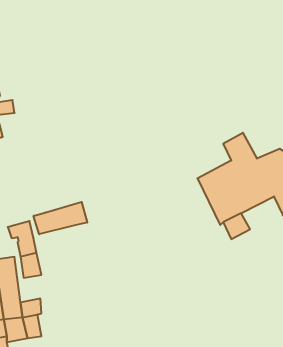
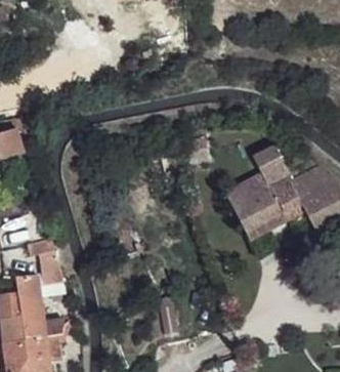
building: [34,202,87,234] -> none

